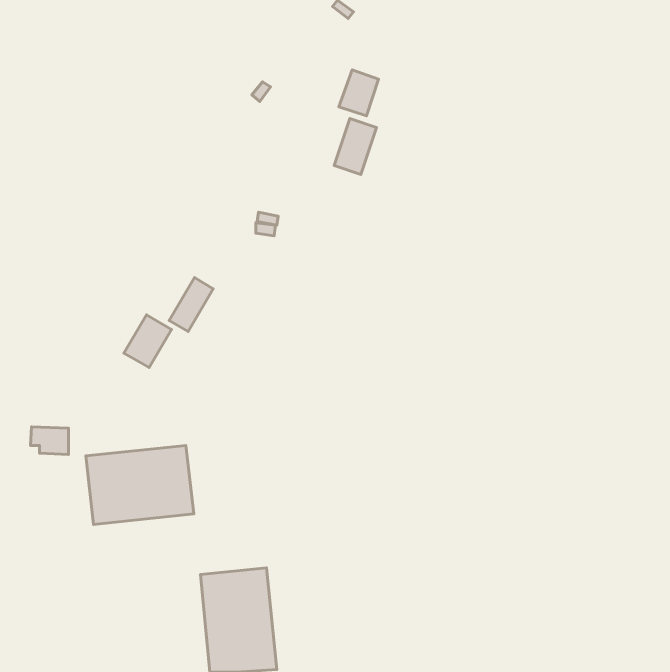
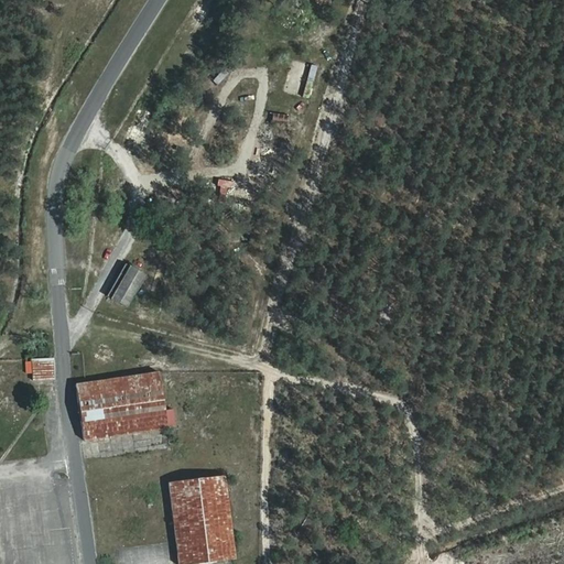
building: [334,119,377,174] -> none
building: [169,278,213,332] -> none

